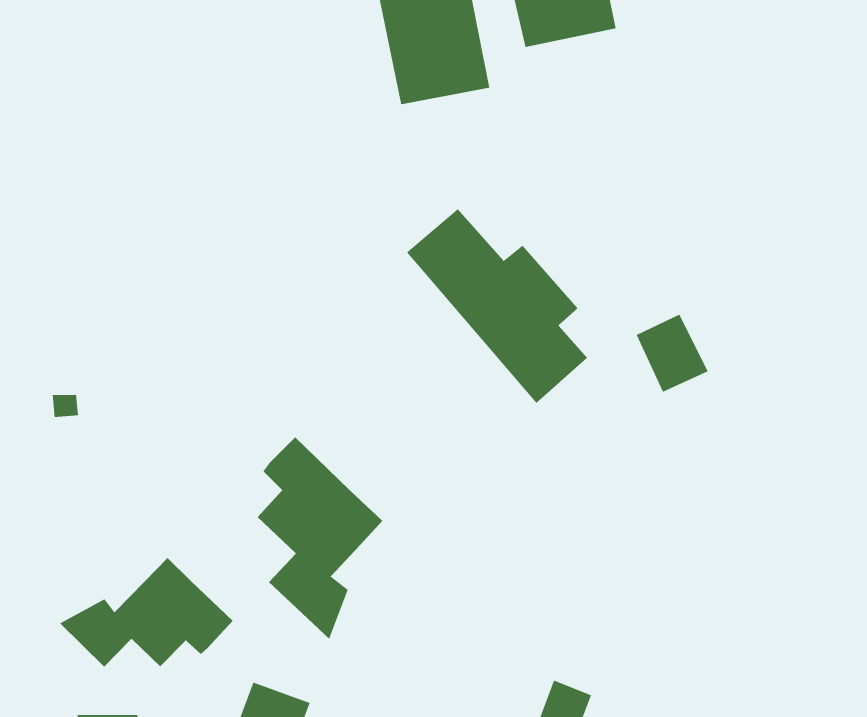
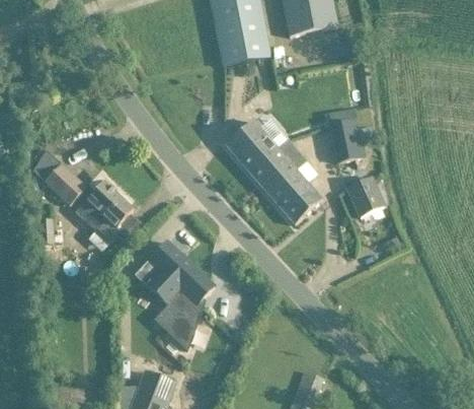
building: none -> [328,117,365,161]
building: none -> [36,154,86,204]
building: none -> [76,181,134,244]
building: [59,557,234,668] -> none

